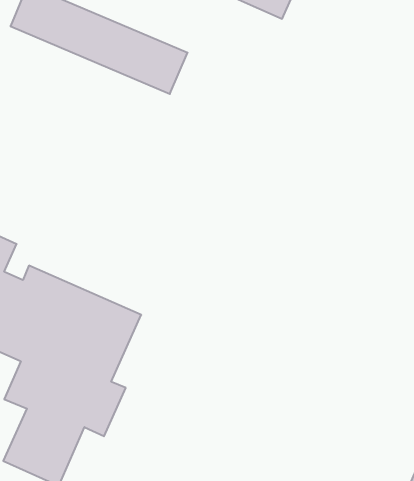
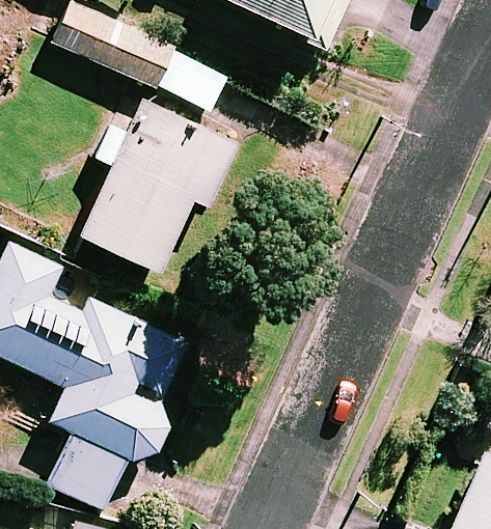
building: none -> [82,94,238,270]

